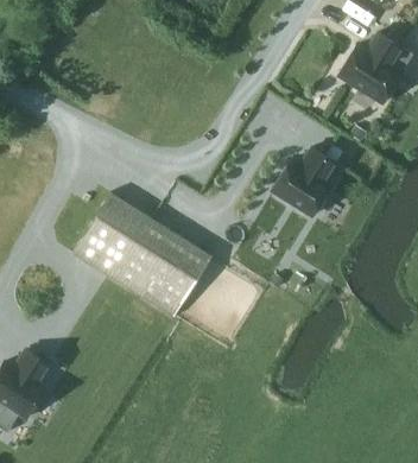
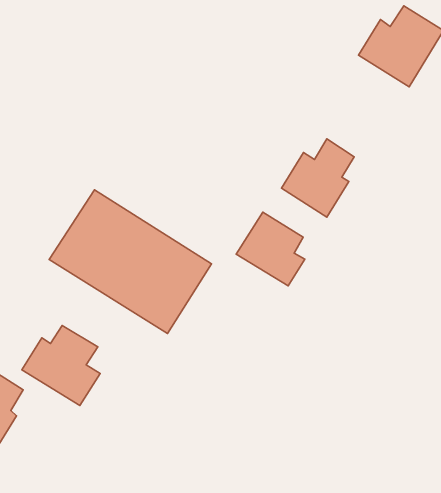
building: none -> [236,212,305,286]
building: none -> [22,325,100,405]

